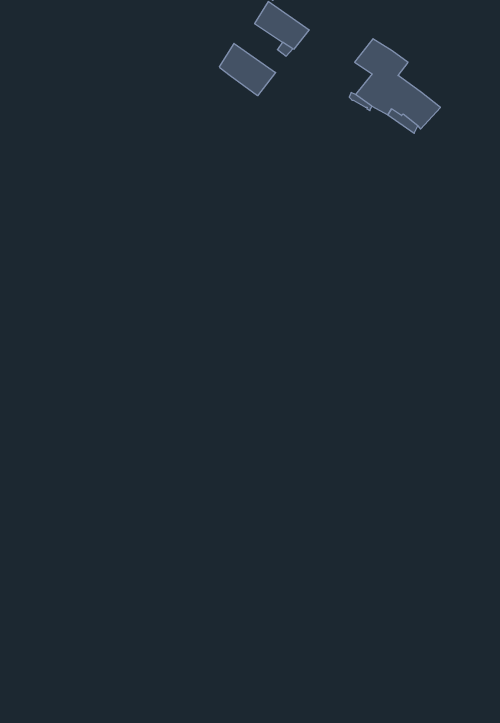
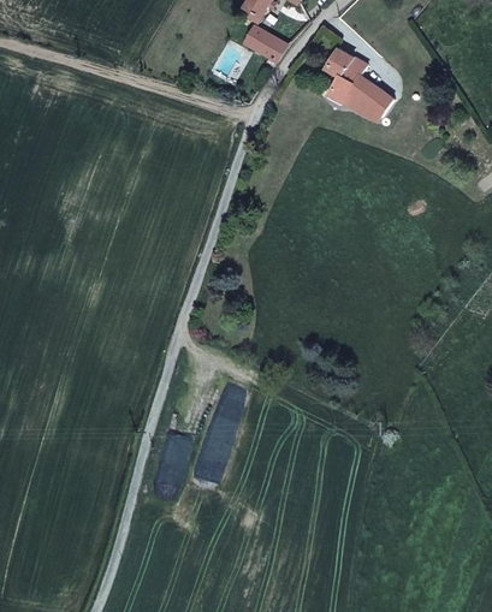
building: [220,43,276,96] -> none

